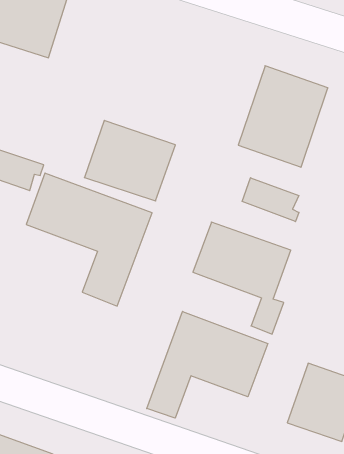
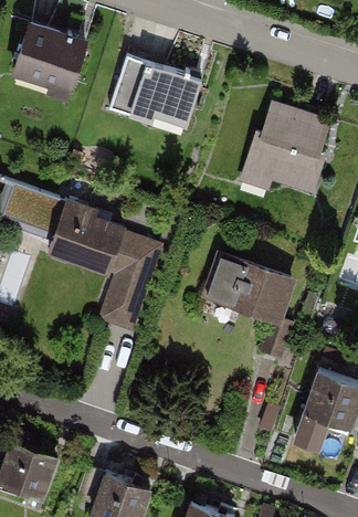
building: [84,120,175,201] -> [114,56,200,133]
building: [242,178,299,222] -> none
building: [147,311,268,418] -> none

